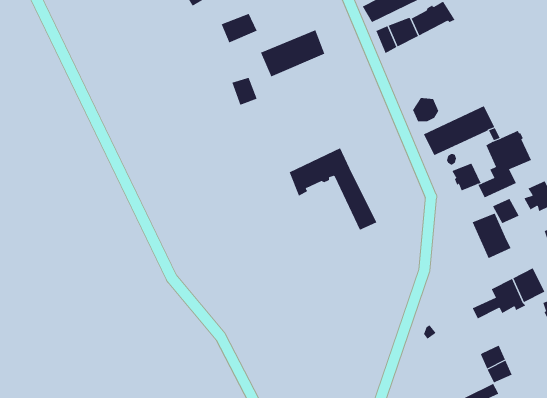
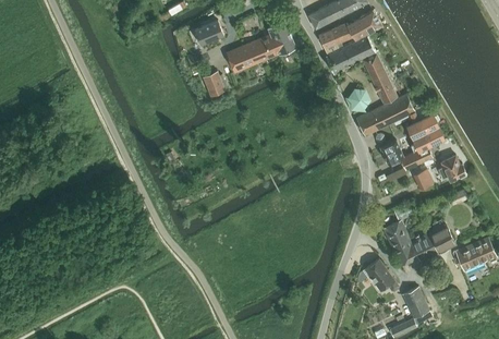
building: none -> [267,22,295,53]
building: [289,148,377,231] -> [326,36,397,102]
building: [472,213,511,259] -> [382,220,414,257]
building: none -> [365,257,398,291]

